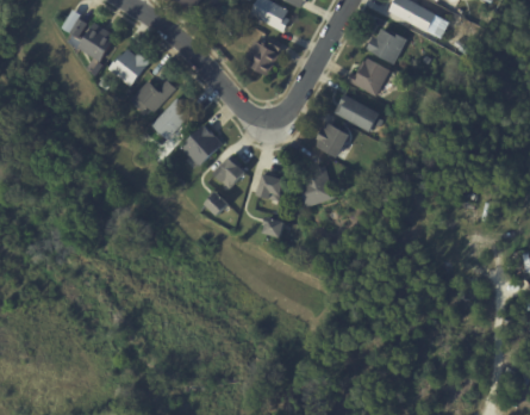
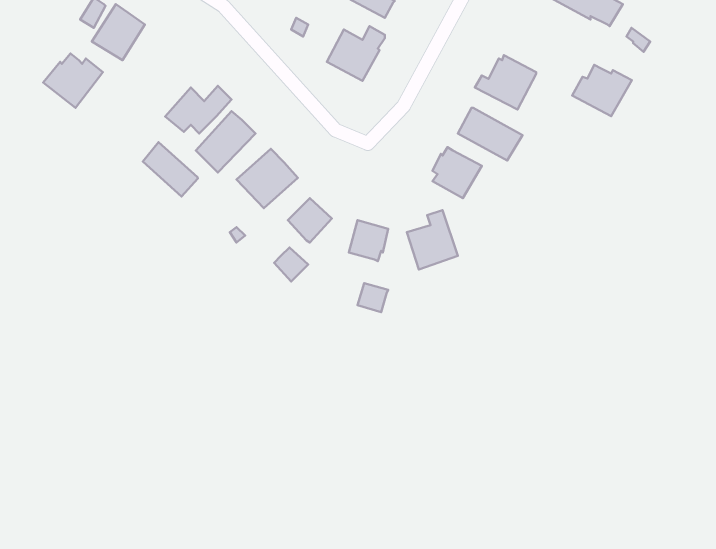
building: [366,27,407,63] -> [572,65,632,116]
building: [107,48,149,86] -> [43,53,103,108]
building: none -> [143,142,198,196]

